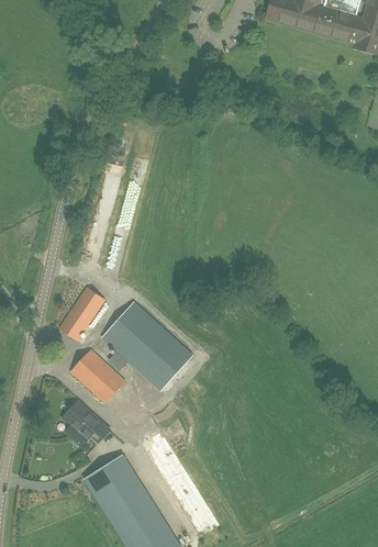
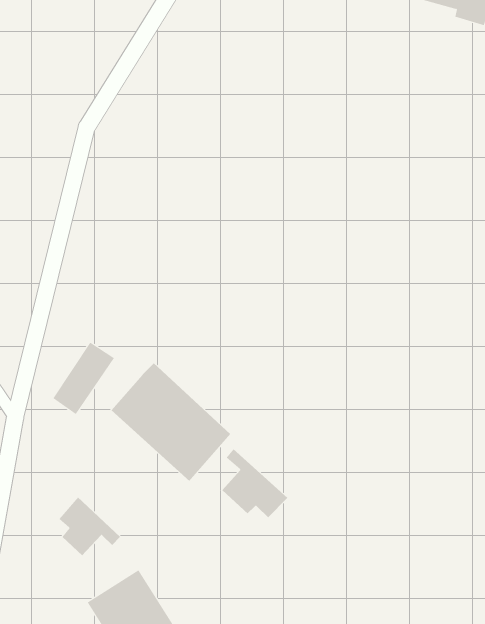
building: [70,349,124,402] -> none
building: none -> [221,449,288,518]

